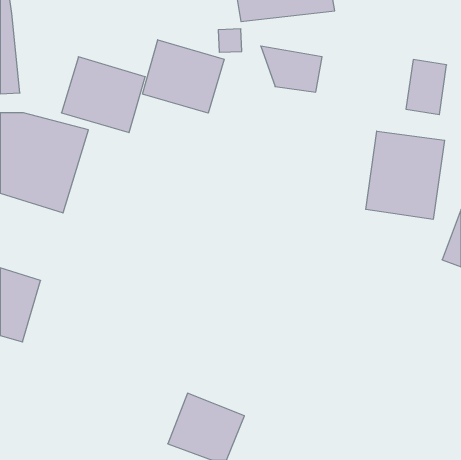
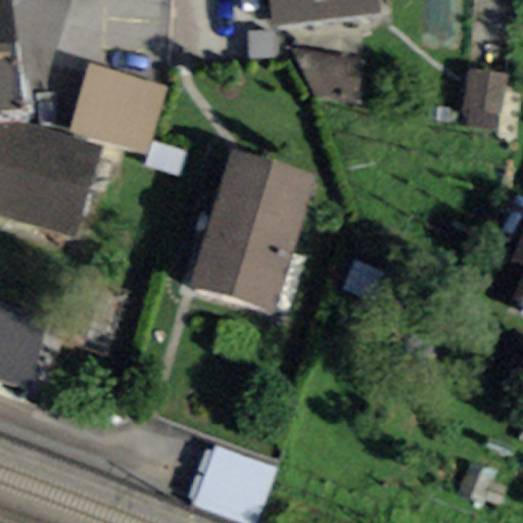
building: [143,40,224,113] -> none
building: [366,131,445,219] -> none
building: none -> [188,149,314,310]

